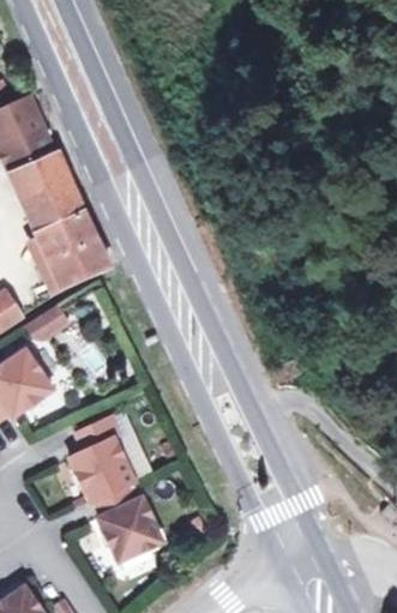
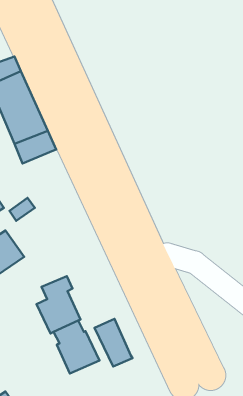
building: [47,235,108,288] -> none
building: none -> [95,319,132,366]

